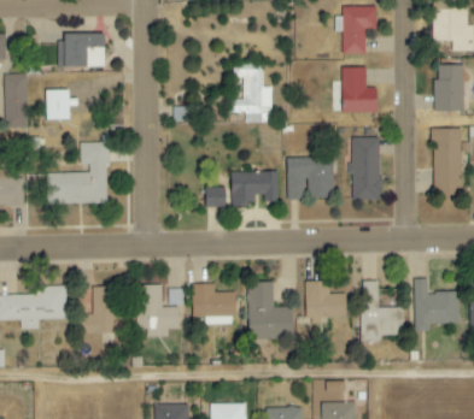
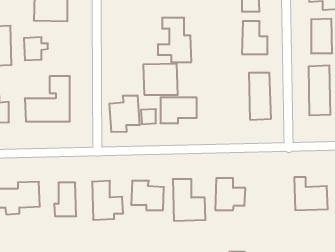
building: [286,157,333,199] -> [143,64,178,95]
building: none -> [110,95,140,132]
building: [359,281,403,343] -> none

